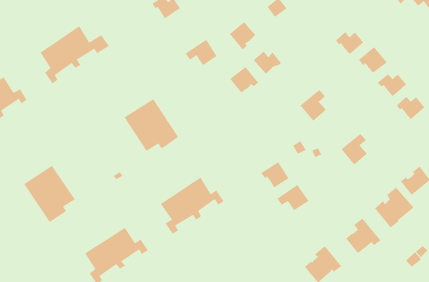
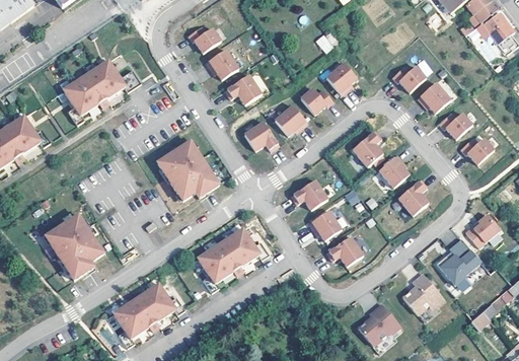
building: none -> [207,49,239,79]
building: [229,21,256,50] -> [326,62,357,94]
building: none -> [244,121,280,150]
building: none -> [379,154,410,188]
building: none -> [291,179,327,210]

